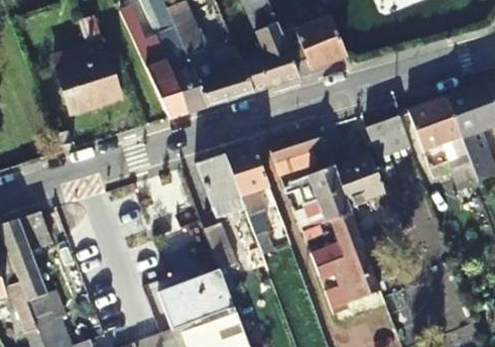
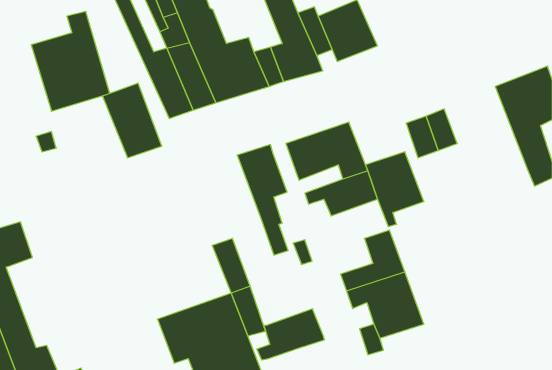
building: [408,96,472,180] -> none
building: [196,154,246,218] -> [102,83,162,158]
building: [297,192,355,235] -> [257,309,325,360]

